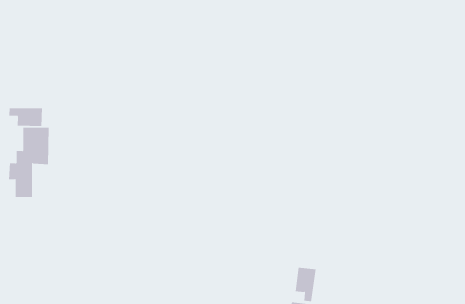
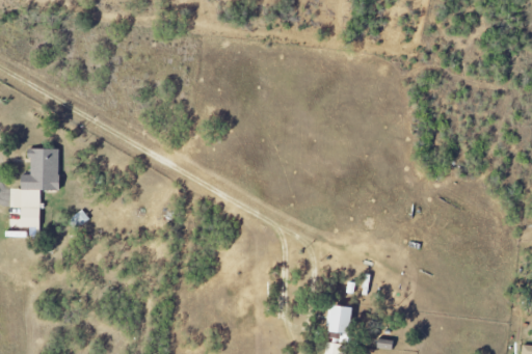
building: [9,107,43,127] -> none

